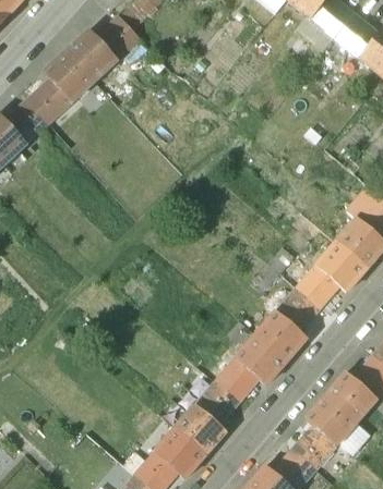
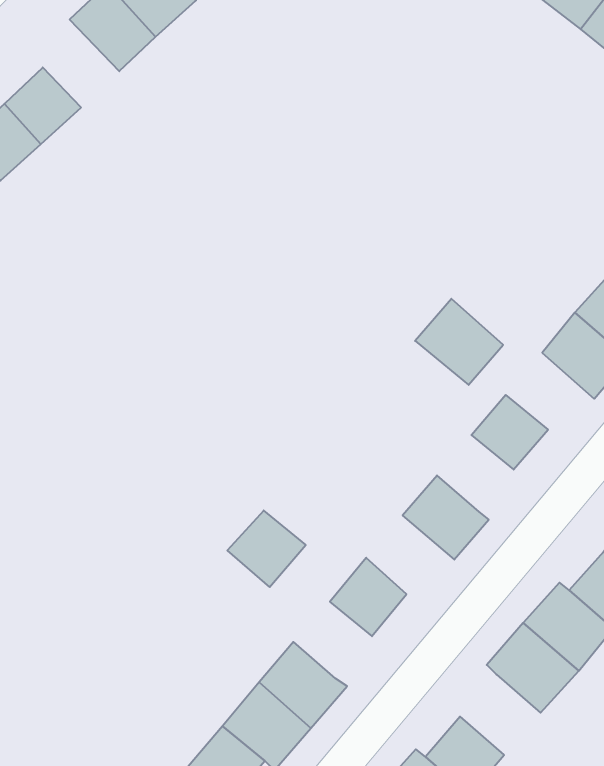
building: [45,51,95,101] -> none
building: [315,241,366,290] -> [415,299,503,385]
building: [276,288,320,331] -> none
building: [236,333,286,383] -> none
building: [194,382,239,426] -> [227,510,306,587]
building: [289,424,335,469] -> none

